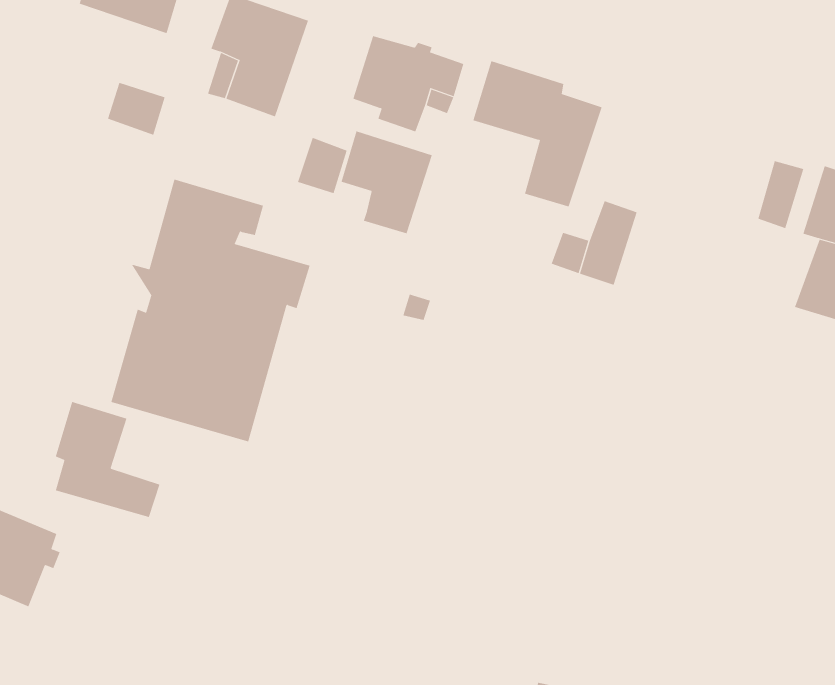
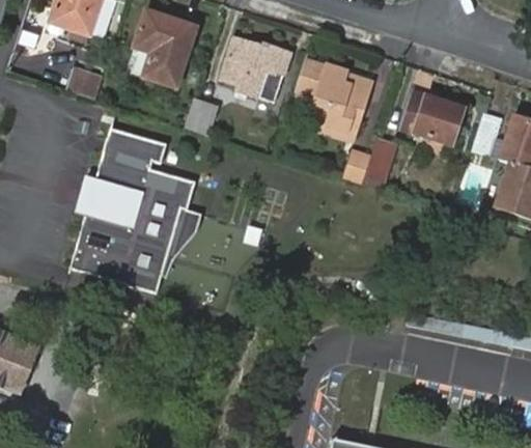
building: none -> [402,95,463,145]
building: [341,131,432,234] -> none
building: [55,401,160,518] -> none

